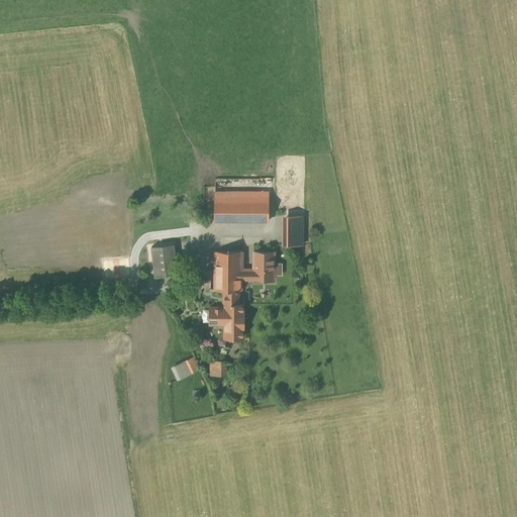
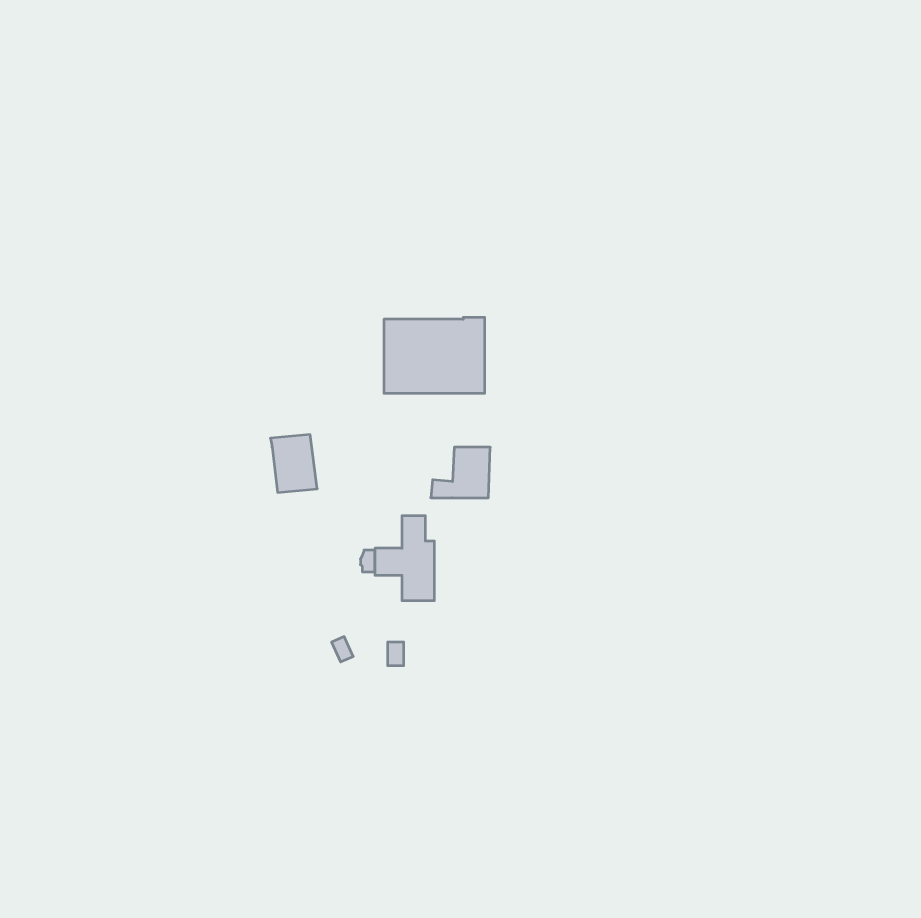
building: [282,218,302,246] -> none
building: [214,252,242,291] -> none

